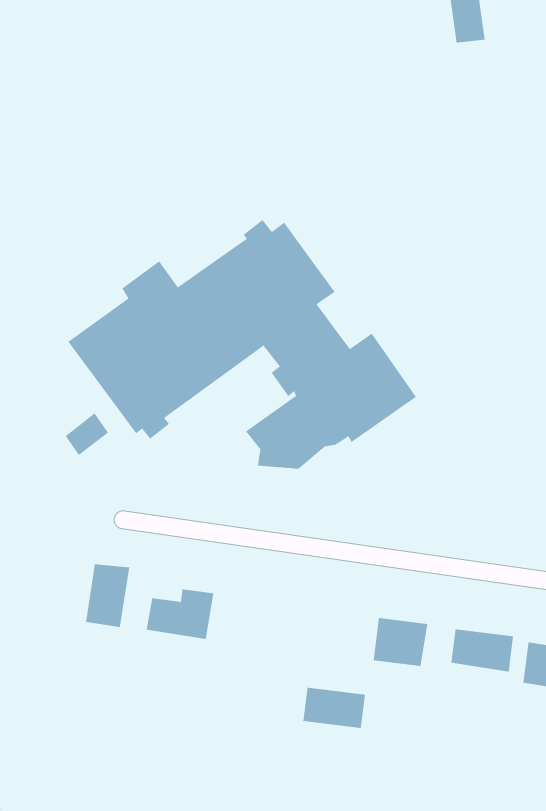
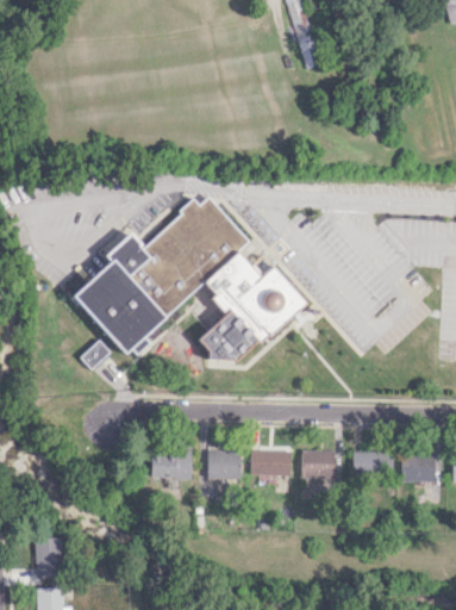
building: [85,564,130,628] -> none
building: none -> [207,449,241,479]
building: [302,687,366,729] -> [252,452,292,474]

